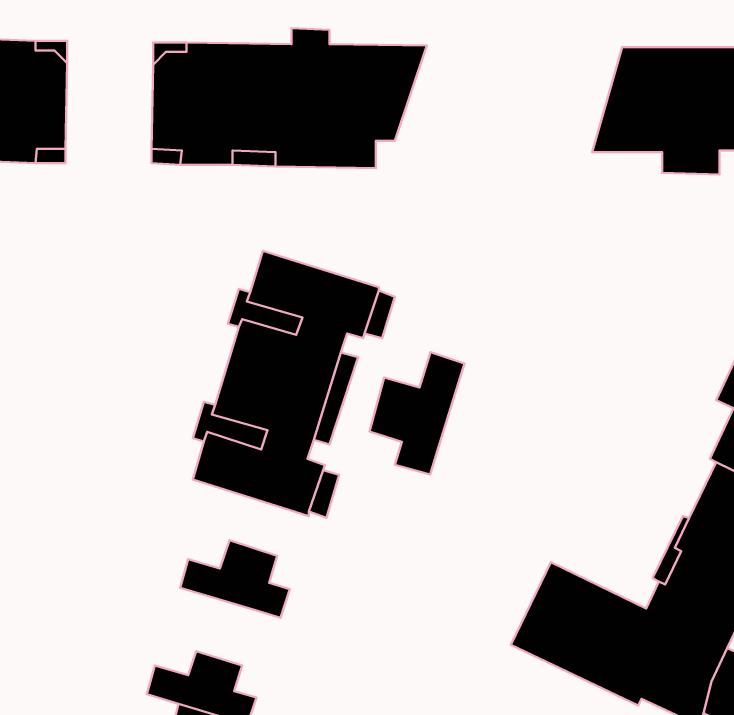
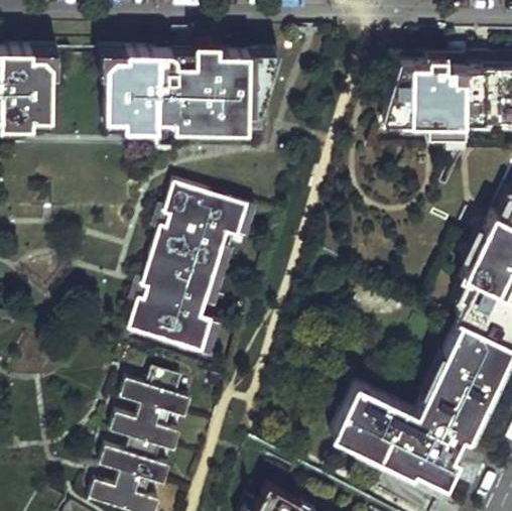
building: [369,352,464,475] -> none
building: none -> [110,406,179,454]

